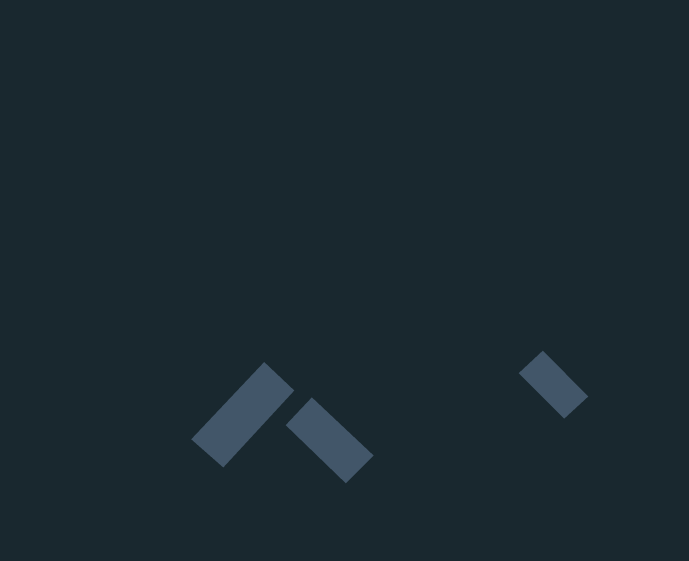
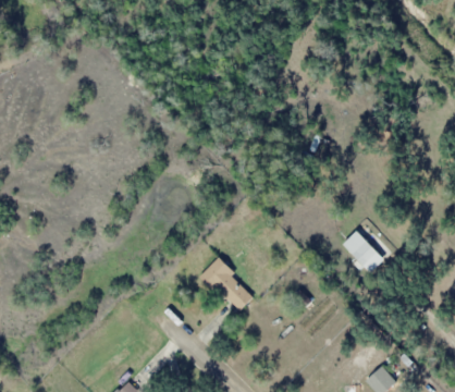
building: [190,361,295,469] -> none

